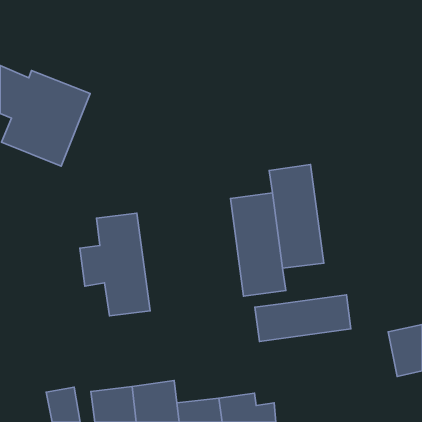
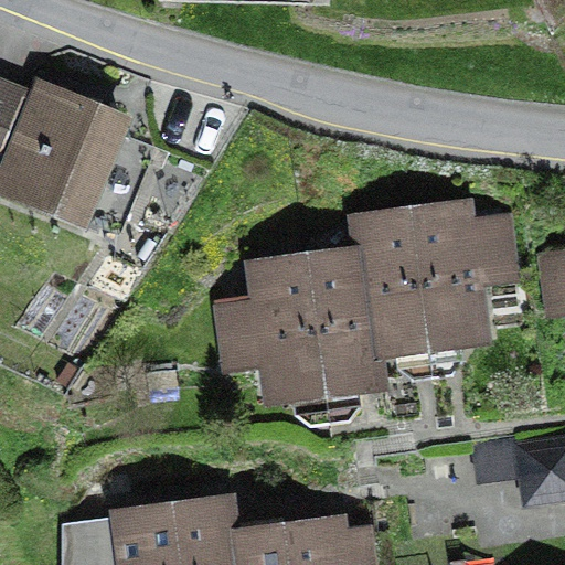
building: none -> [415,213,504,351]
building: [80,213,150,316] -> [232,265,326,402]
building: [255,295,351,341] -> none

